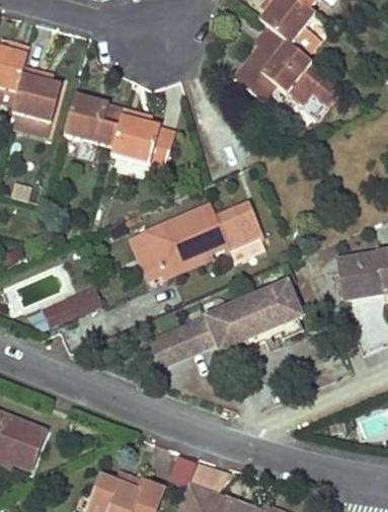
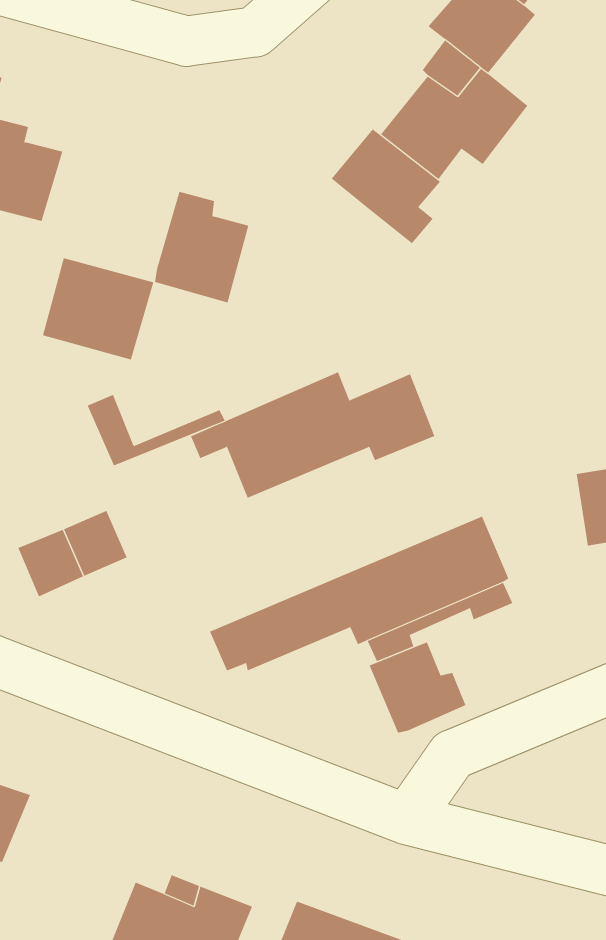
building: [288,62,342,104] -> none
building: none -> [331,129,441,244]
building: [65,94,125,149] -> [42,258,154,360]
building: [136,244,210,283] -> [87,394,225,466]
building: none -> [369,641,466,734]

